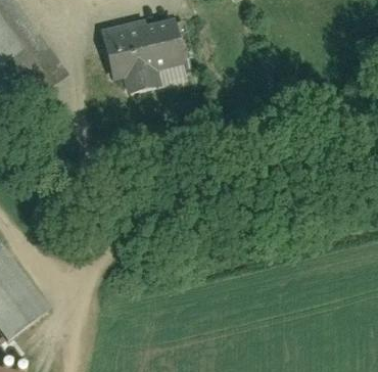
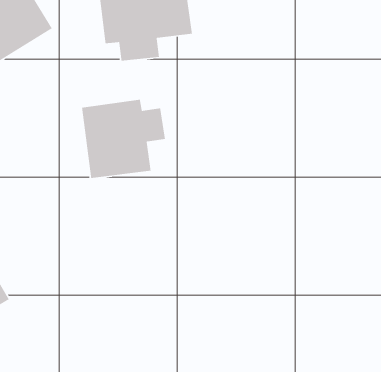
building: none -> [81,99,166,179]

